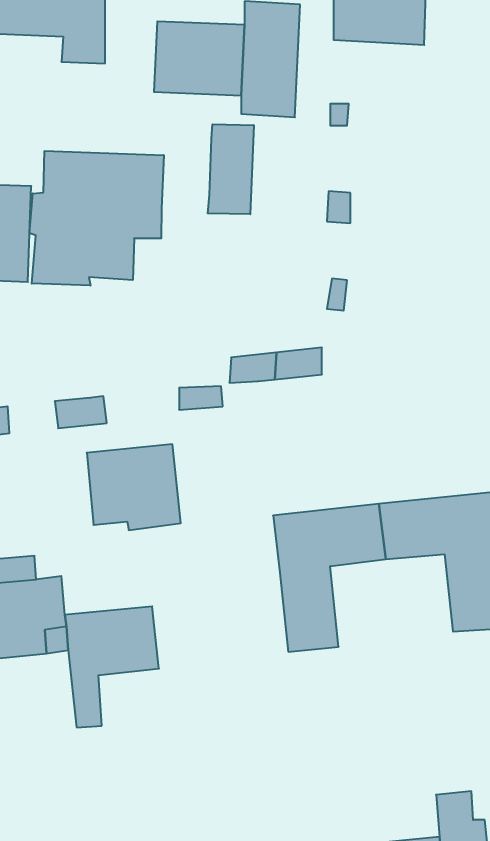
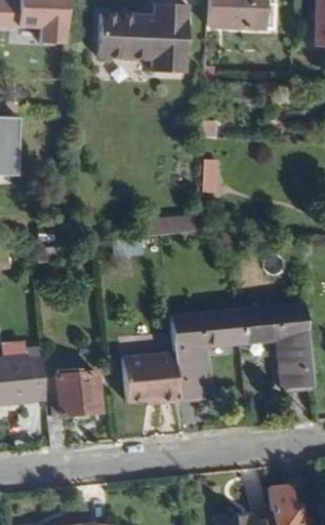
building: [208,124,254,214] -> none
building: [30,151,164,286] -> none
building: [87,444,181,530] -> [122,352,179,404]

